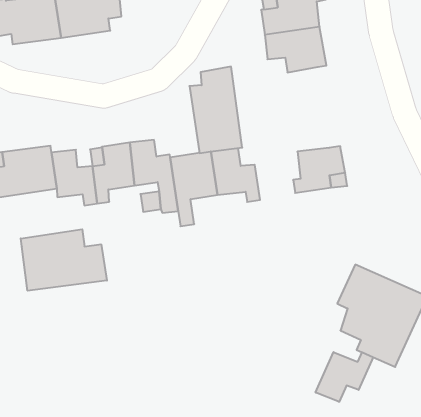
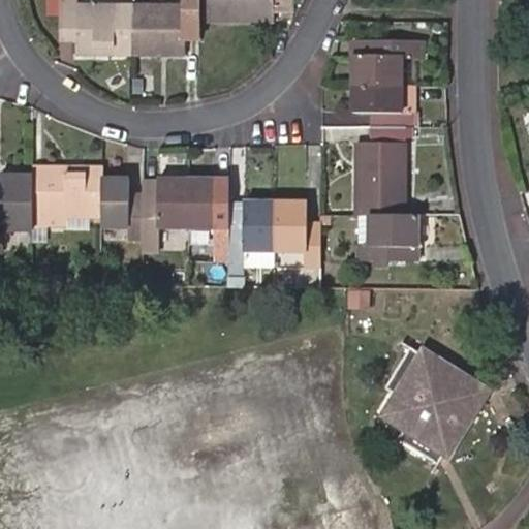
building: [189,67,242,153] -> [356,126,405,216]
building: [21,229,107,291] -> none
building: [316,352,373,402] -> none

